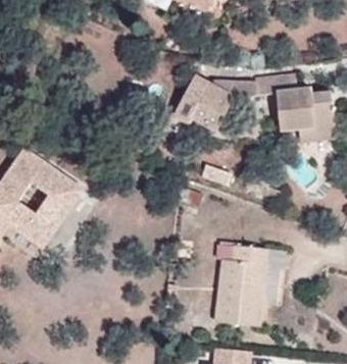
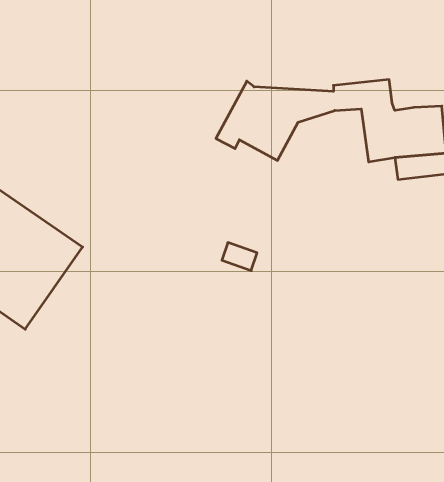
building: [214,243,280,325] -> none

